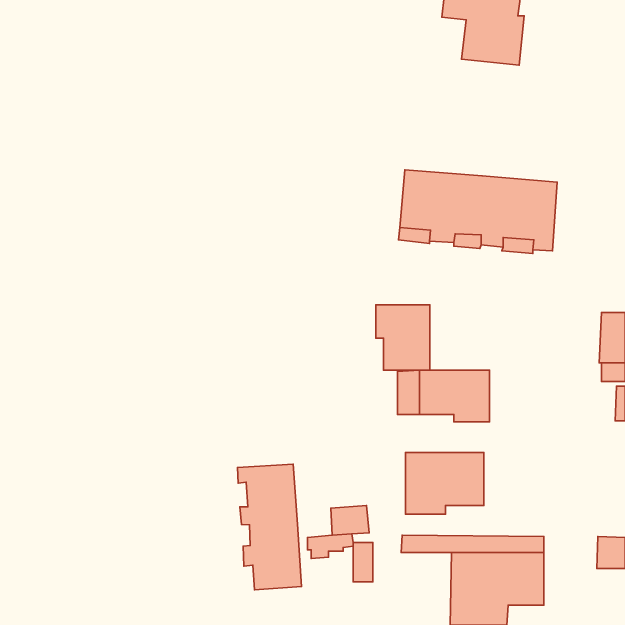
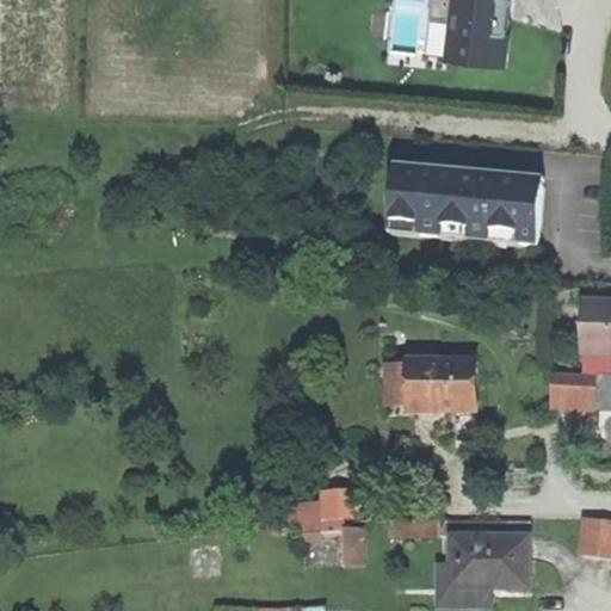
building: [376,305,430,370] -> none
building: none -> [551,371,593,407]
building: [406,452,484,514] -> none
building: [237,464,302,590] -> none

